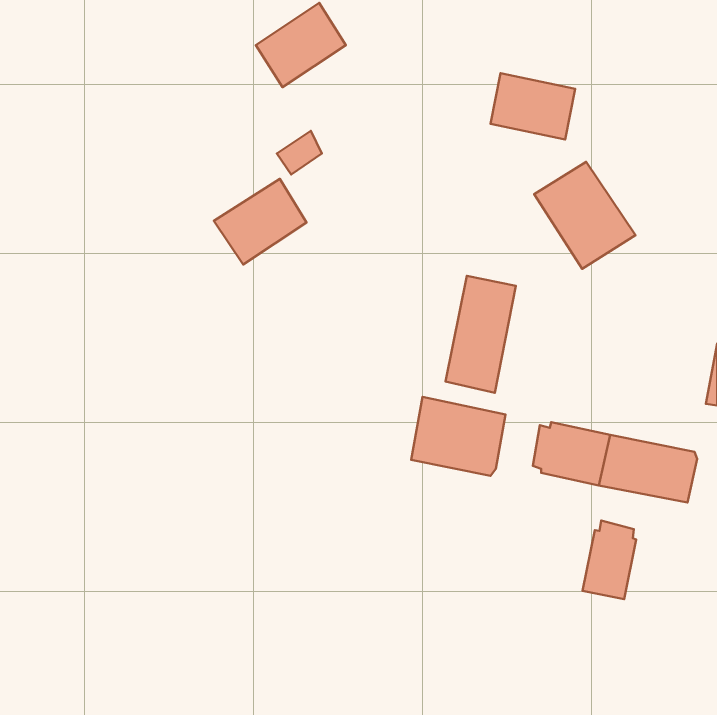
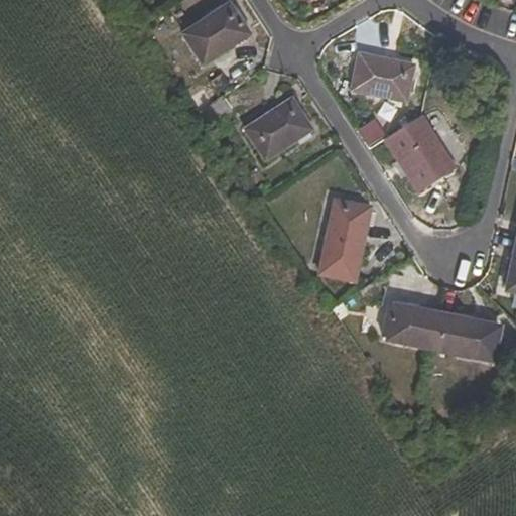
building: [214,179,306,265] -> [245,97,311,158]
building: [411,397,506,476] -> none
building: [582,520,636,599] -> none

